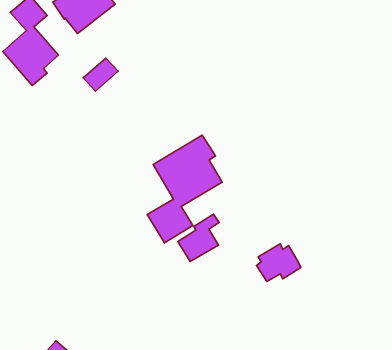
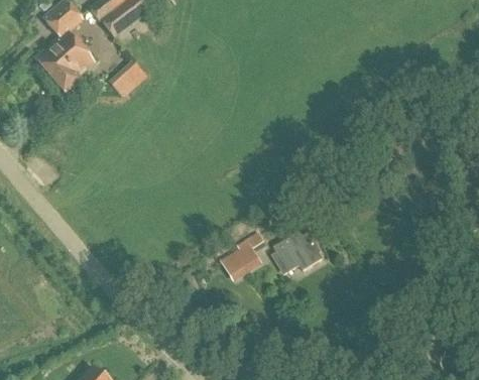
building: [147,135,222,243] -> none
building: [256,244,301,282] -> [274,231,322,271]

